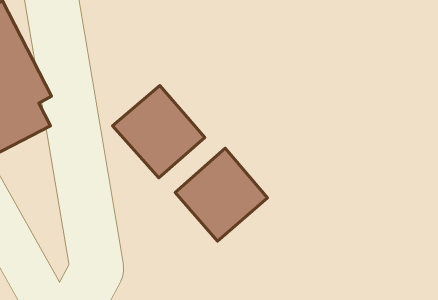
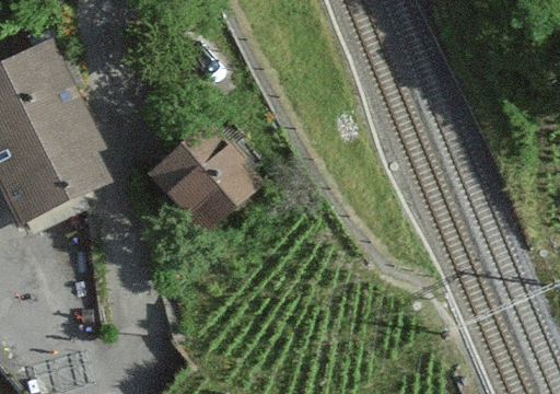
building: [175,148,267,241] -> none

